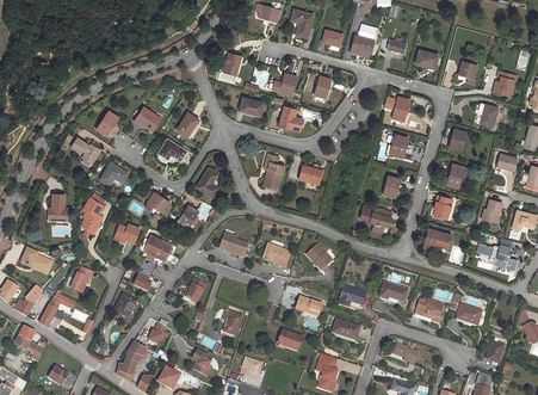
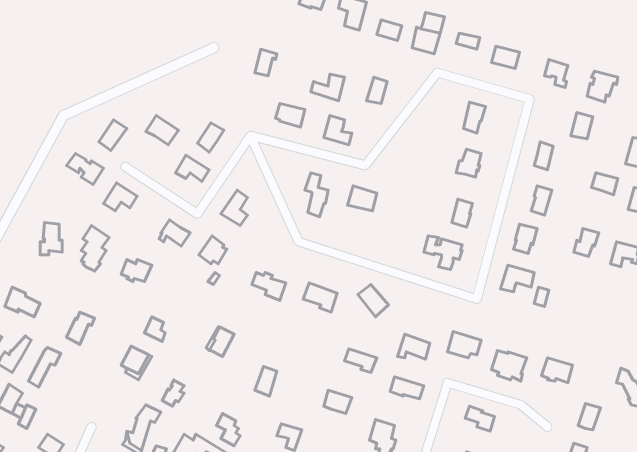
building: [143,234,179,264] -> none
building: [477,243,517,270] -> none

